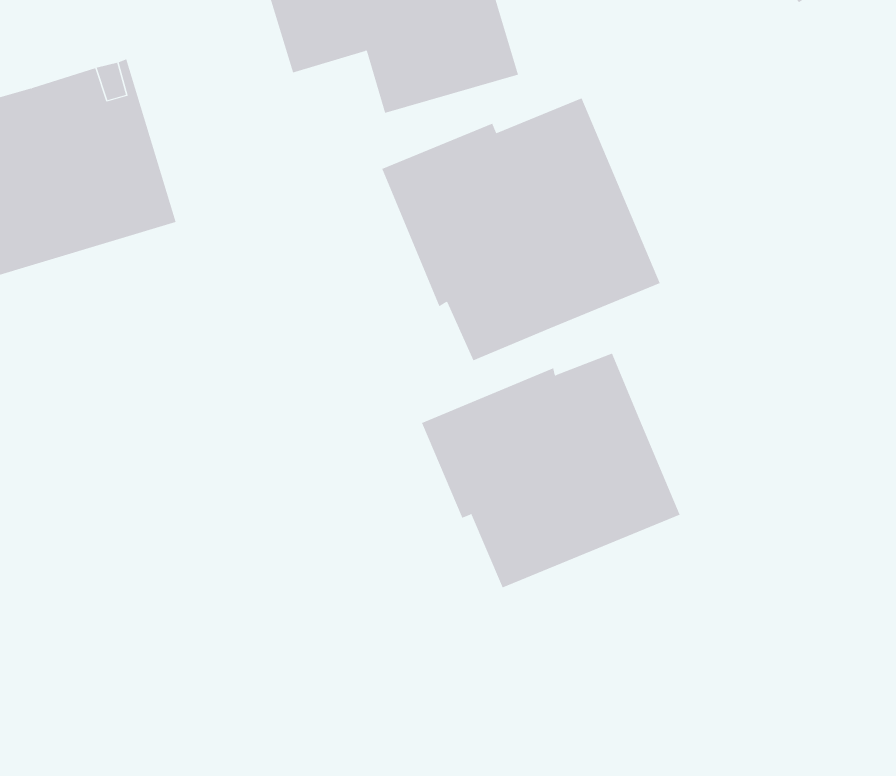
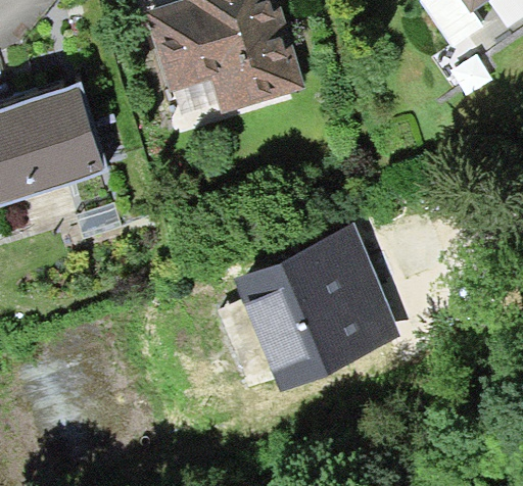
building: [381,97,660,361] -> none

